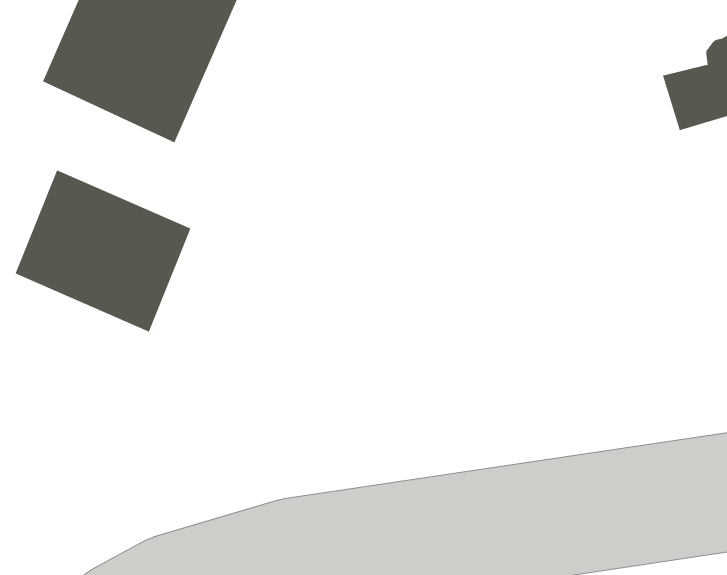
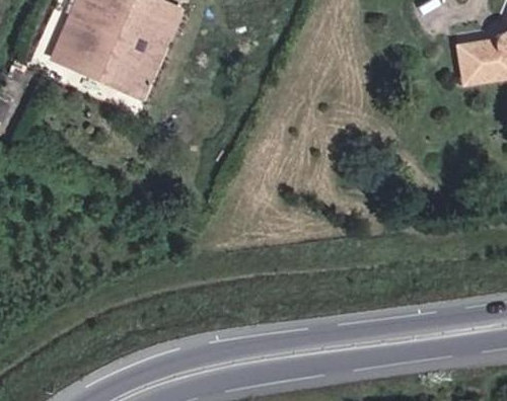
building: [15,170,191,332] -> none

